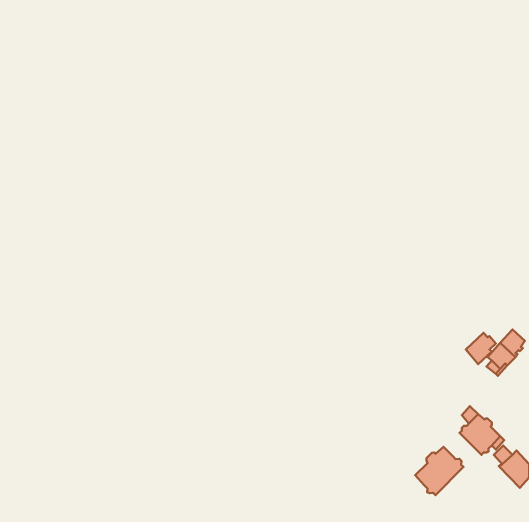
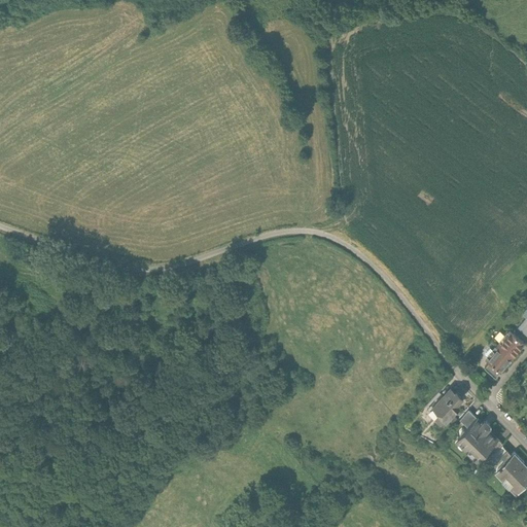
building: [466,333,496,364] -> [432,389,462,420]
building: [415,447,463,495] -> none

